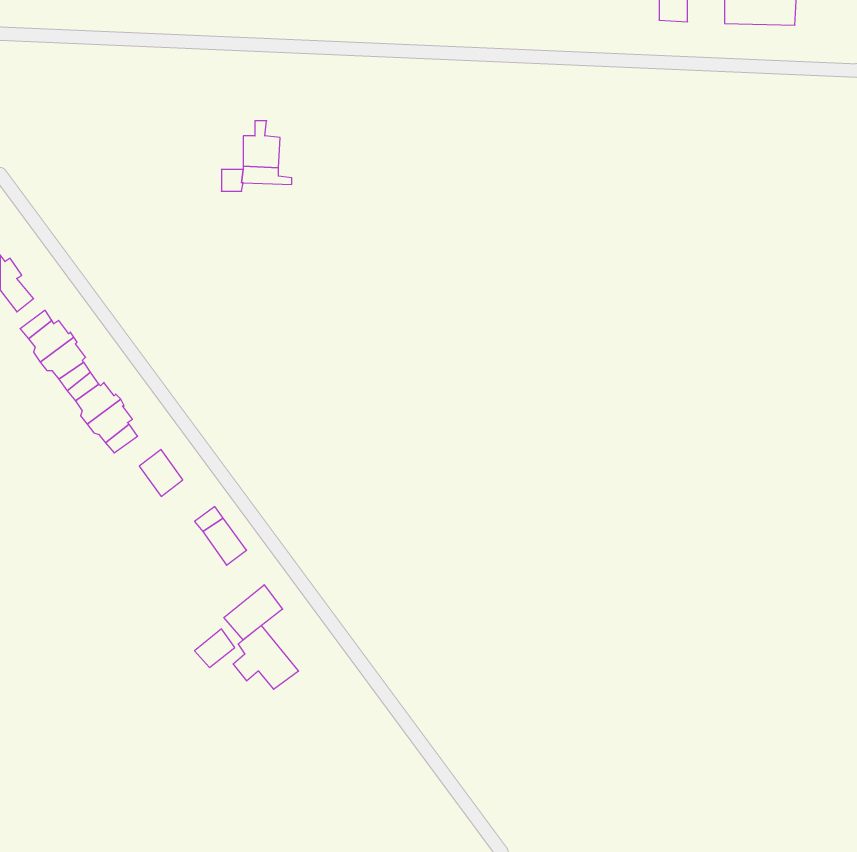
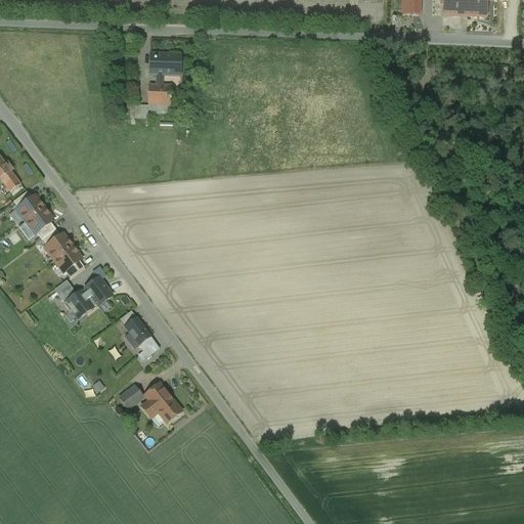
building: none -> [149,51,181,75]
building: none -> [66,285,98,316]
building: [224,585,283,640] -> none

